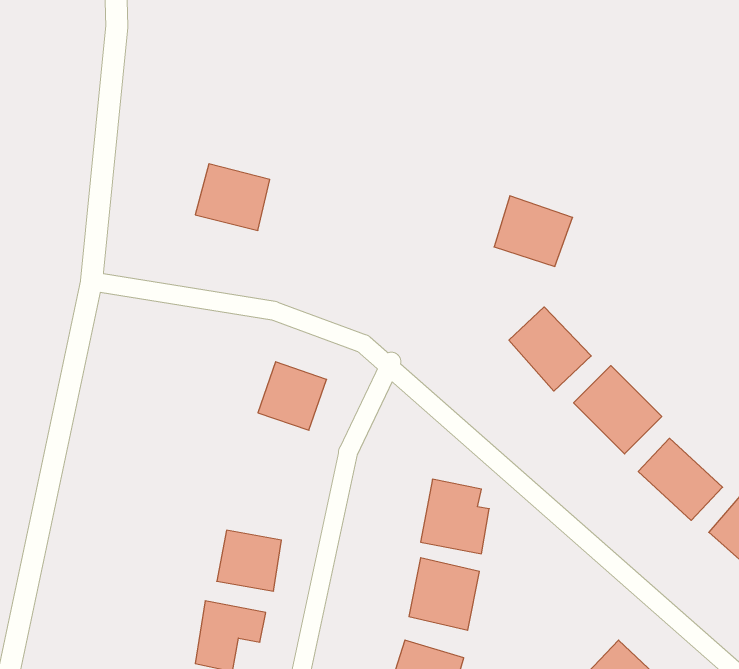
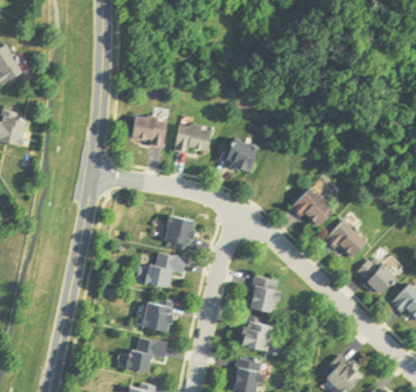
building: none -> [172,125,211,153]
building: [494,196,573,266] -> [219,136,259,172]
building: none -> [145,252,186,288]

